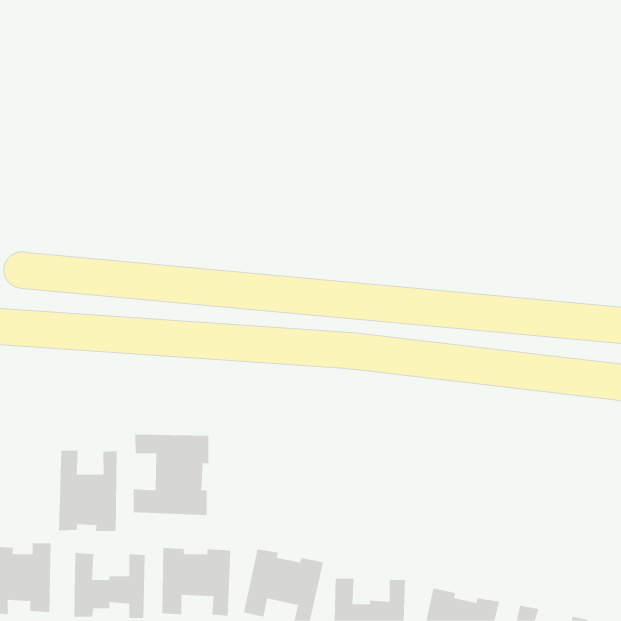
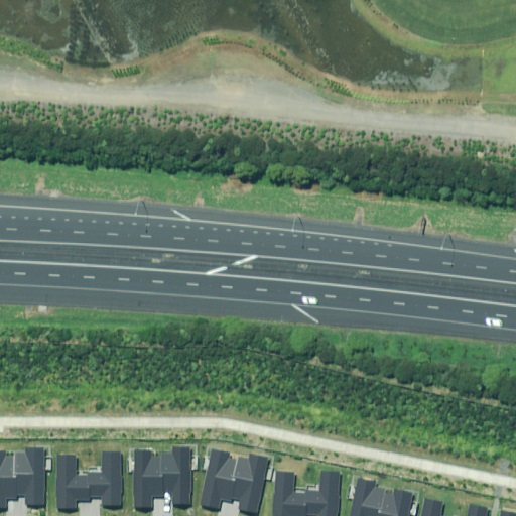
building: [133,434,209,516] -> none
building: [59,450,117,532] -> none

